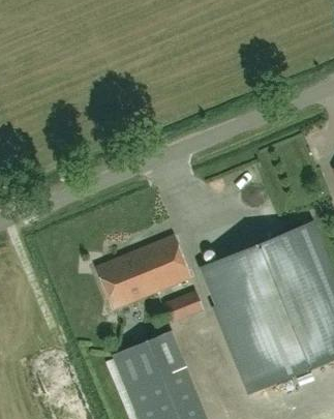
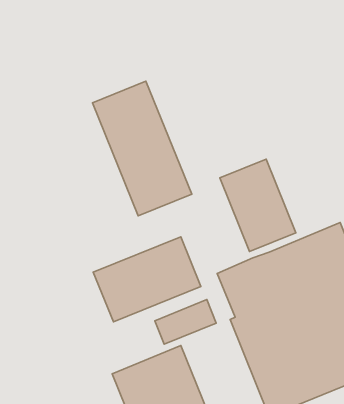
building: none -> [92,81,192,216]
building: none -> [220,159,296,251]

